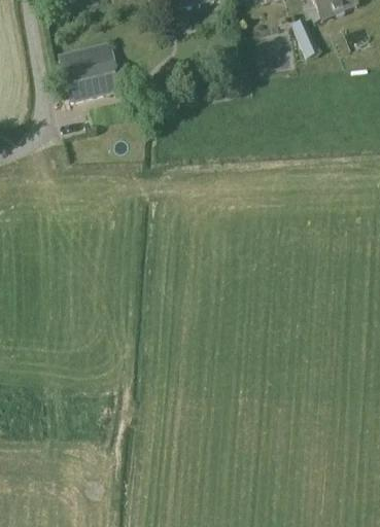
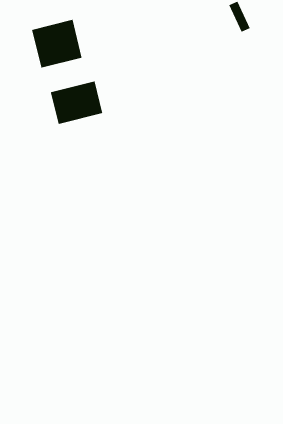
building: none -> [50,81,103,125]

